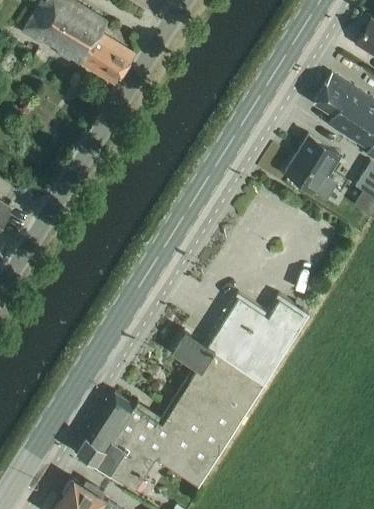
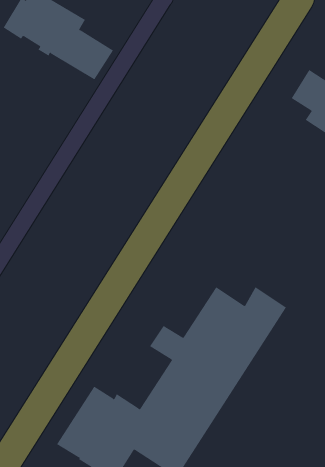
building: [285,135,342,191] -> none

